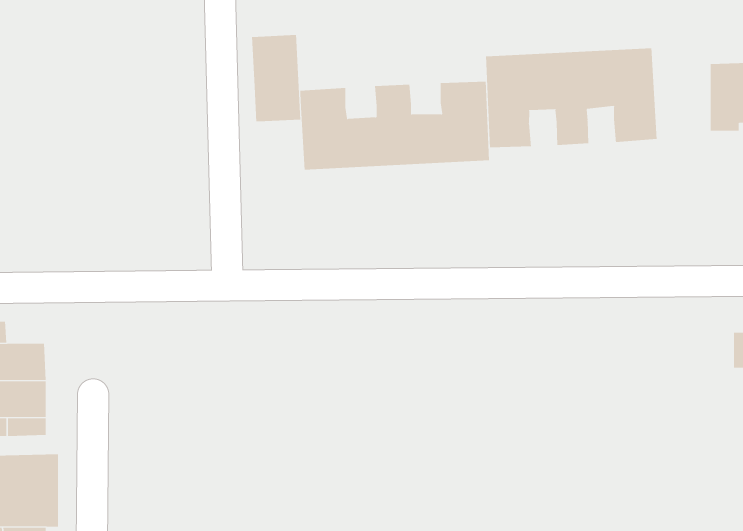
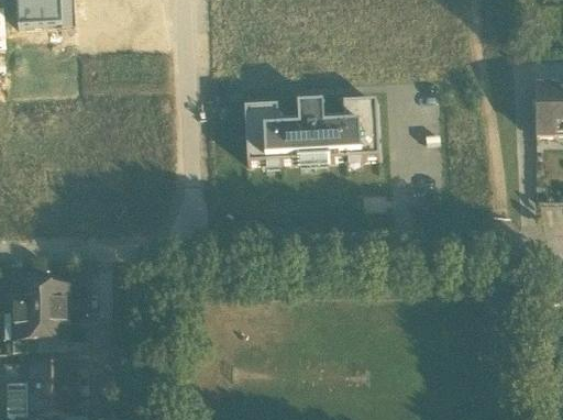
building: [252,34,301,122] -> none
building: [486,48,657,148] -> none

